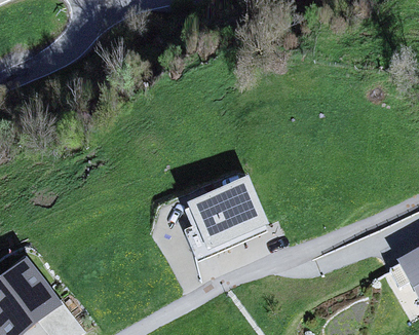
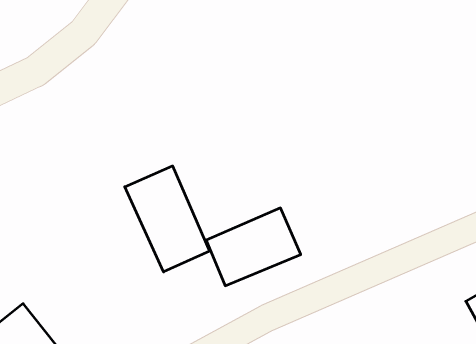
building: none -> [125,166,210,272]

